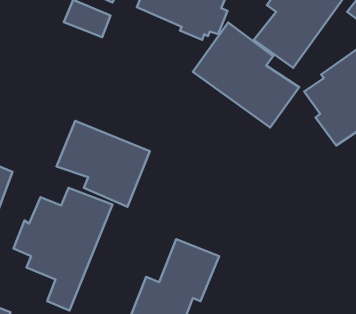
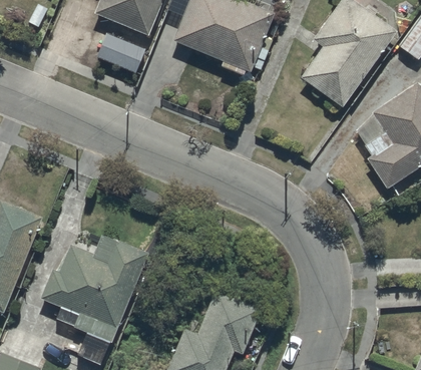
building: [193,22,299,127] -> none
building: [57,121,150,207] -> none

